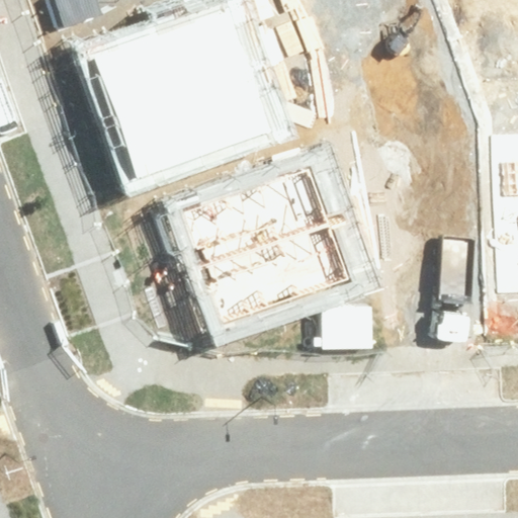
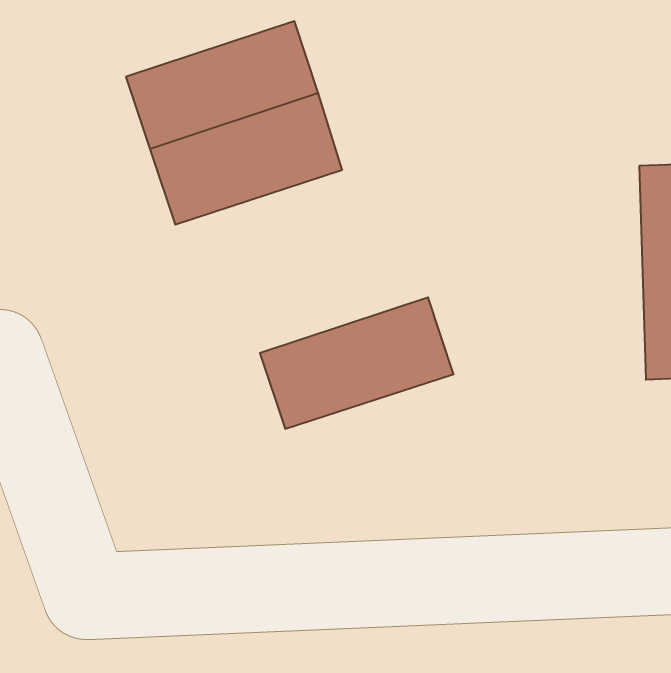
building: [186,173,332,269] -> none

